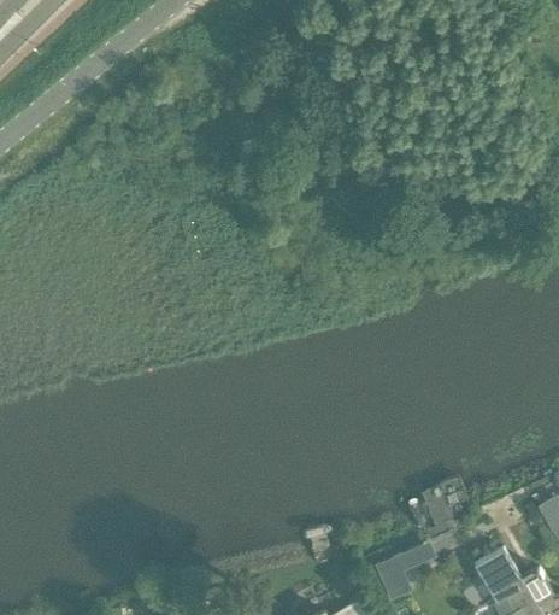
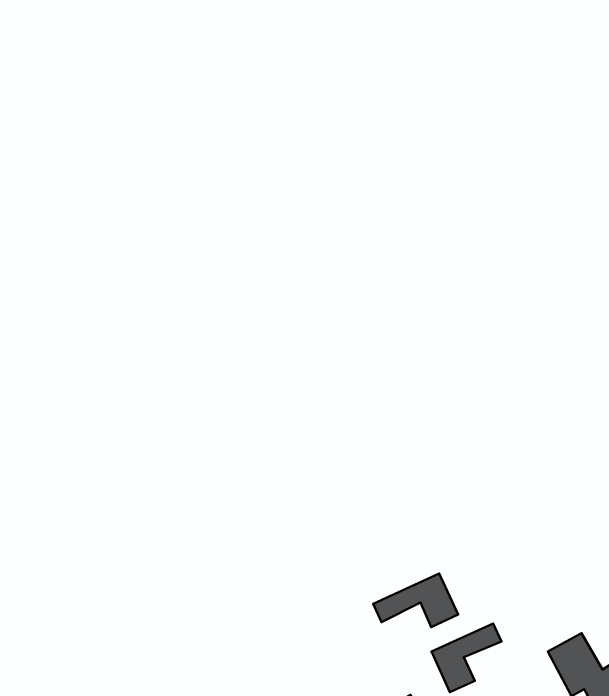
building: none -> [373,574,458,627]

